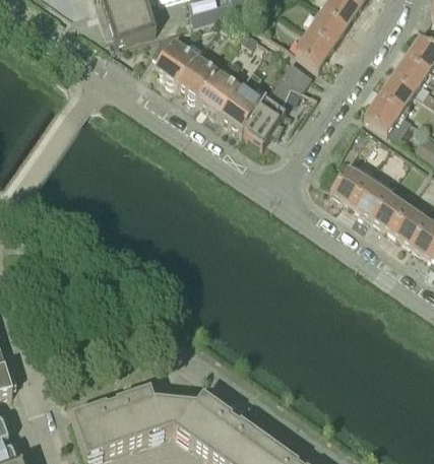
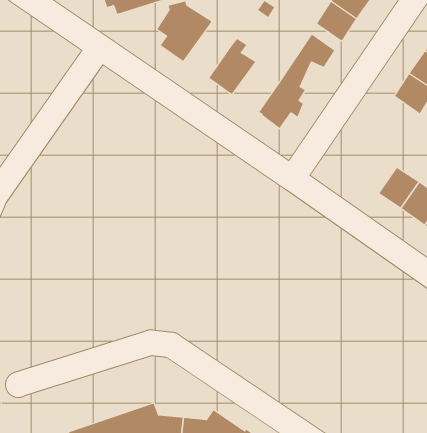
building: [175,50,218,100] -> none
building: [219,69,261,131] -> none
building: [329,165,366,203] -> none

